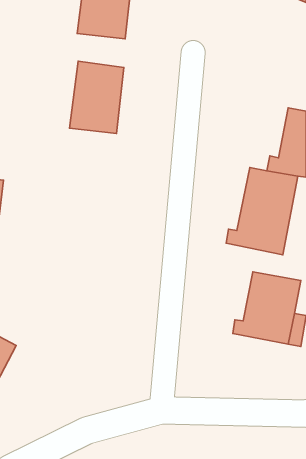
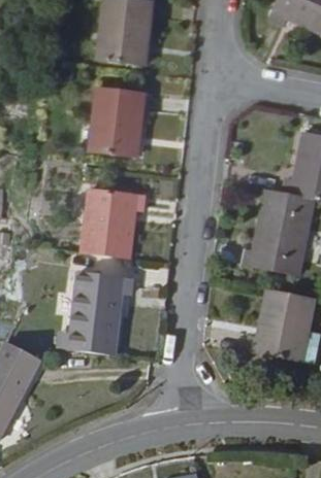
building: none -> [84,189,143,258]
building: none -> [68,272,132,354]

